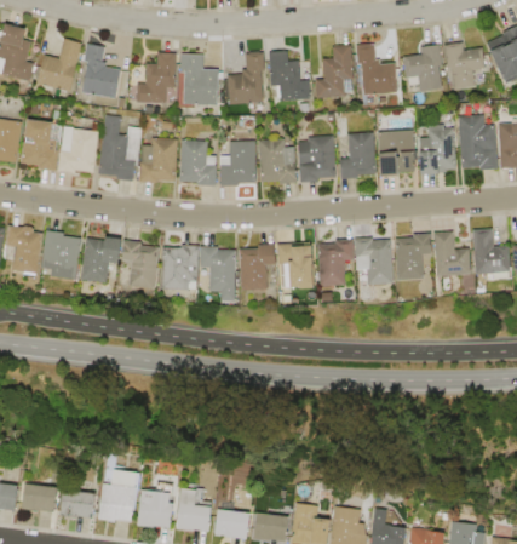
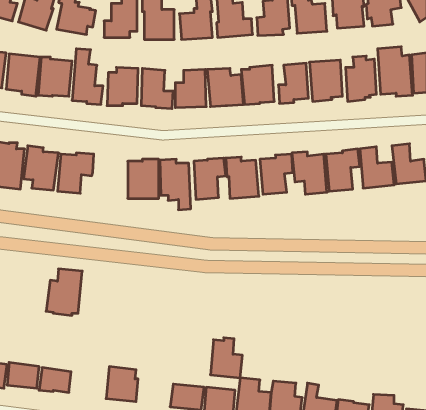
building: [122,239,159,290] -> none
building: [98,470,140,525] -> [46,269,82,315]
building: [177,486,214,533] -> [210,338,242,378]

